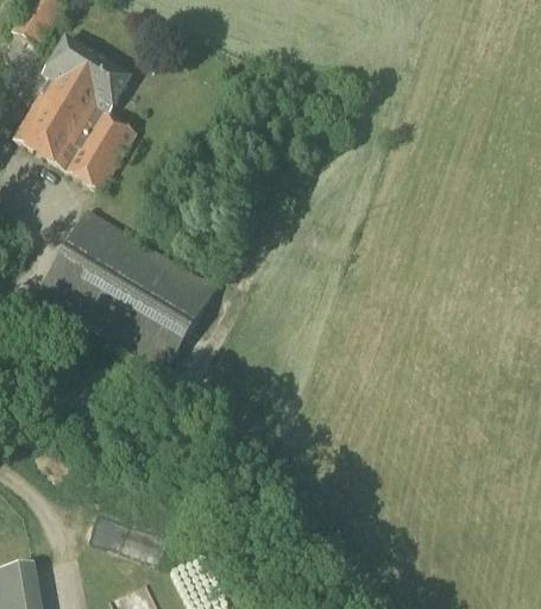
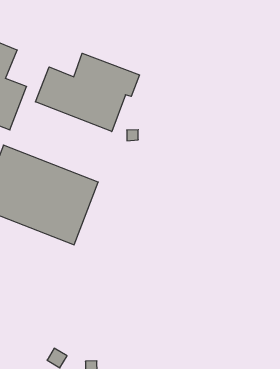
building: none -> [35,53,140,132]

